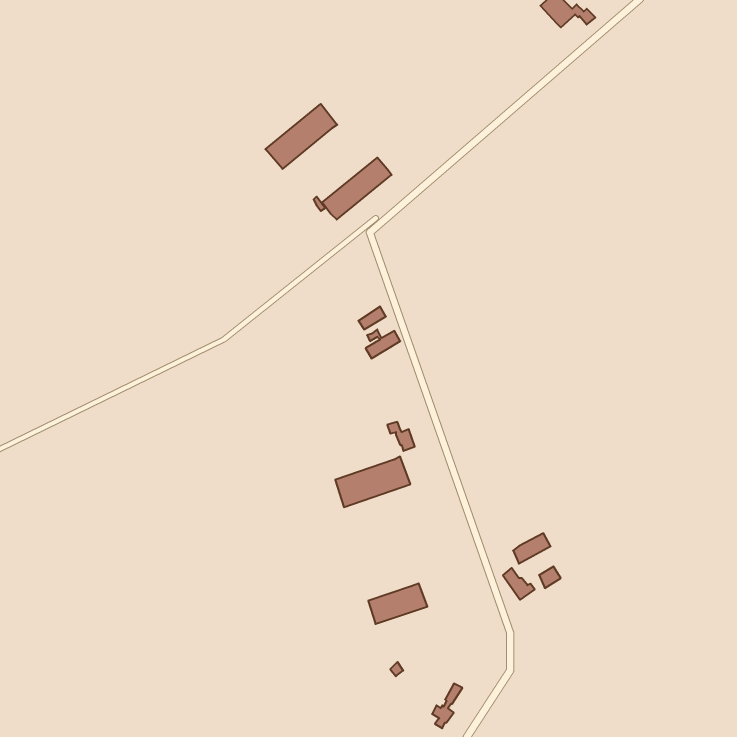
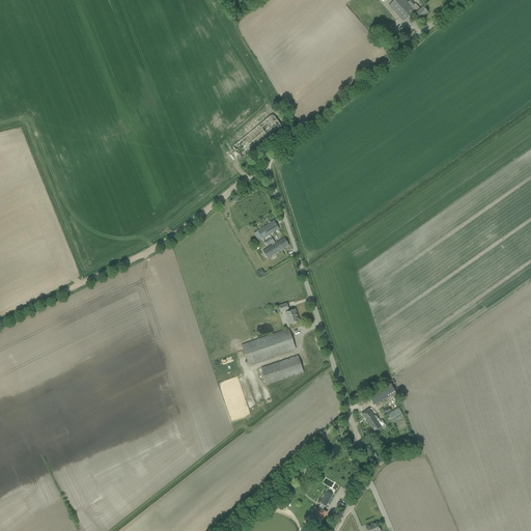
building: [265,104,337,169] -> none
building: [368,583,427,624] -> [260,355,303,384]

